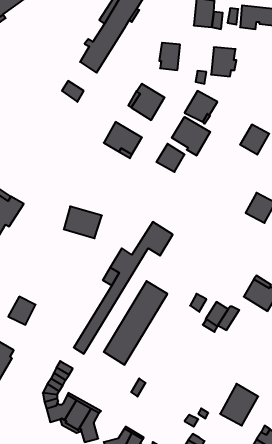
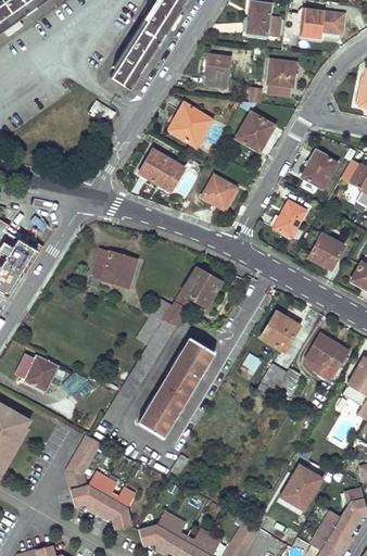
building: [172,117,210,156] -> none
building: none -> [274,199,305,237]
building: none -> [260,313,298,351]

